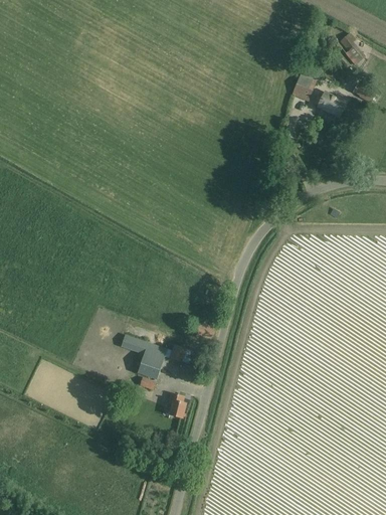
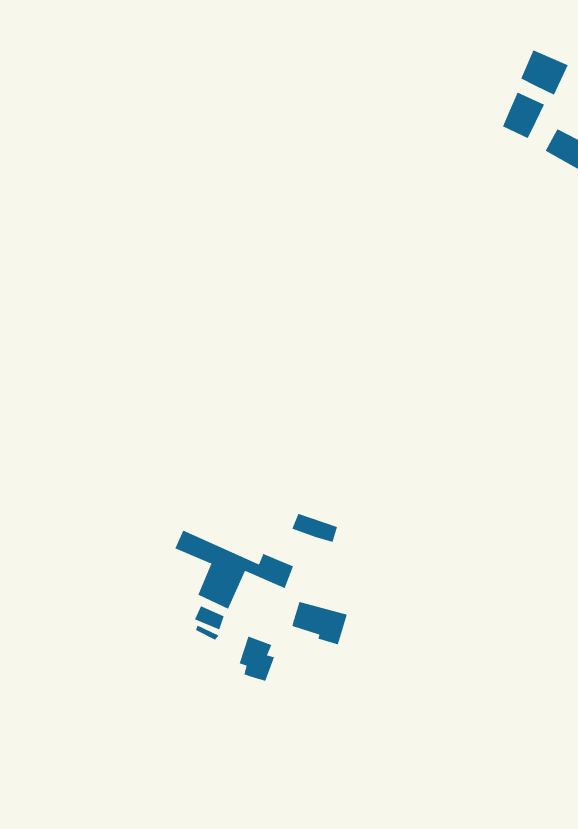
building: none -> [520,50,568,96]
building: none -> [292,601,347,645]

